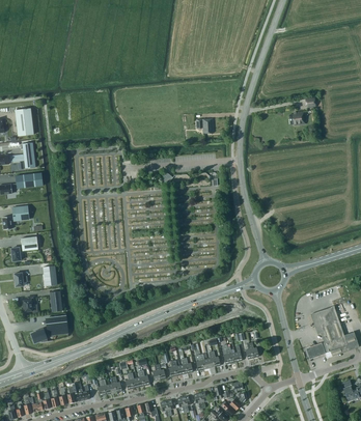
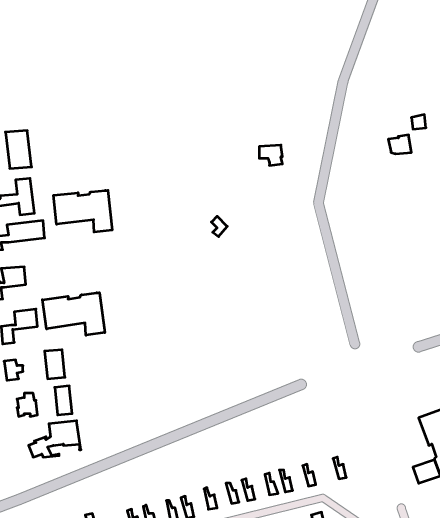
building: none -> [54,190,112,232]
building: none -> [42,293,105,335]

